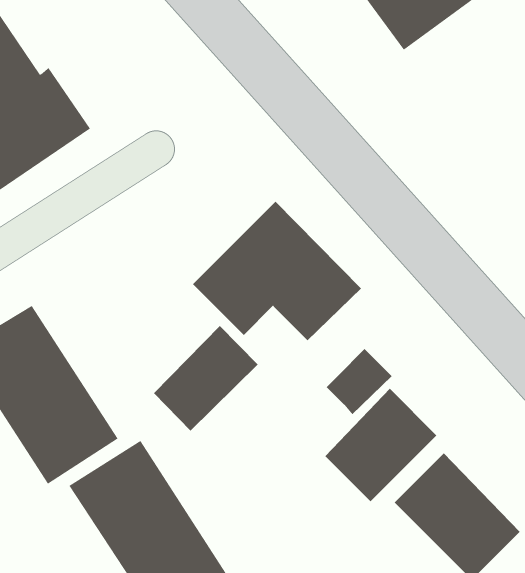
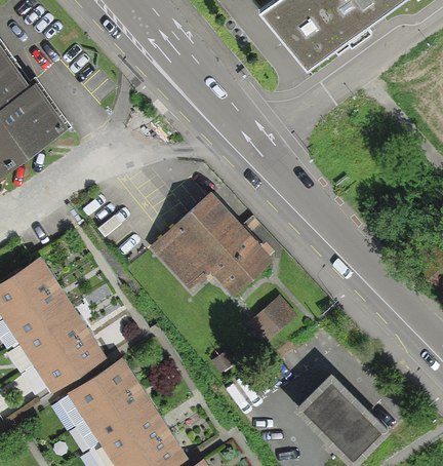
building: [153,325,259,432] -> none
building: [324,388,437,502] -> none

